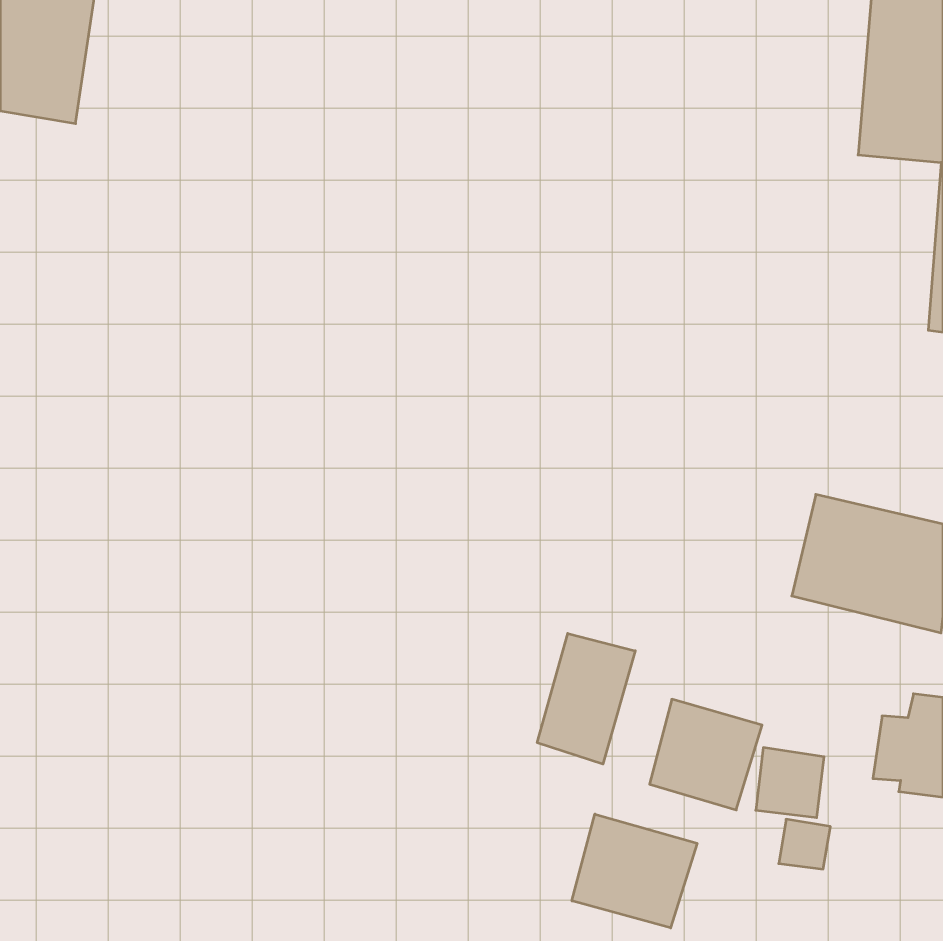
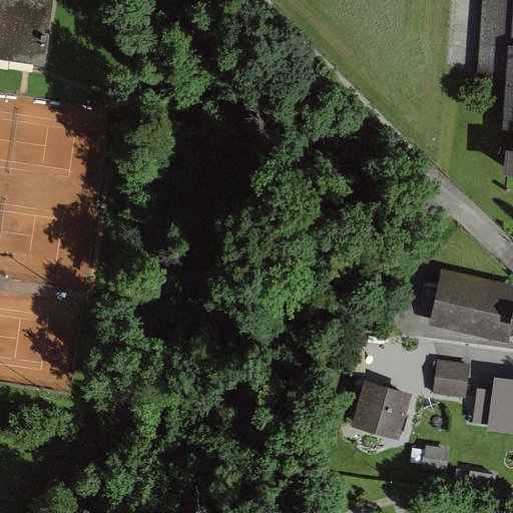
building: [537,633,635,764] -> none
building: [756,748,824,818] -> [434,360,471,398]
building: [572,814,697,928] -> none

